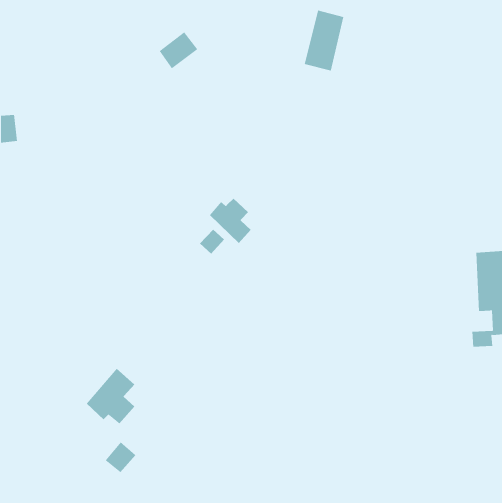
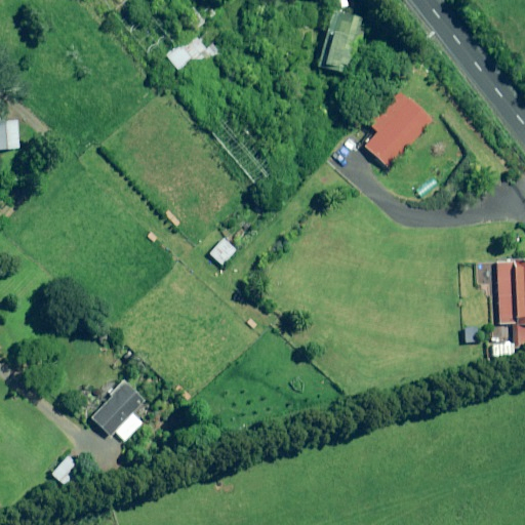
building: none -> [355,90,431,167]
building: [209,198,252,244] -> none
building: [105,441,136,473] -> [50,455,83,488]

